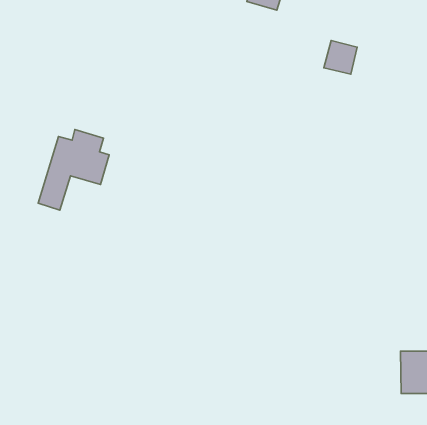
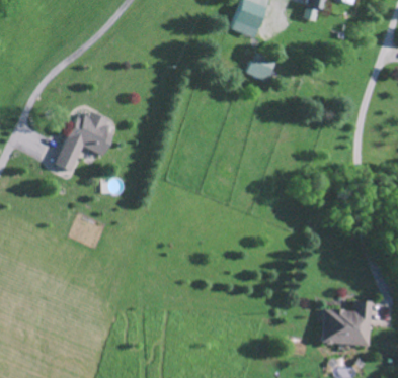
building: [324,41,357,74] -> [248,53,275,80]

